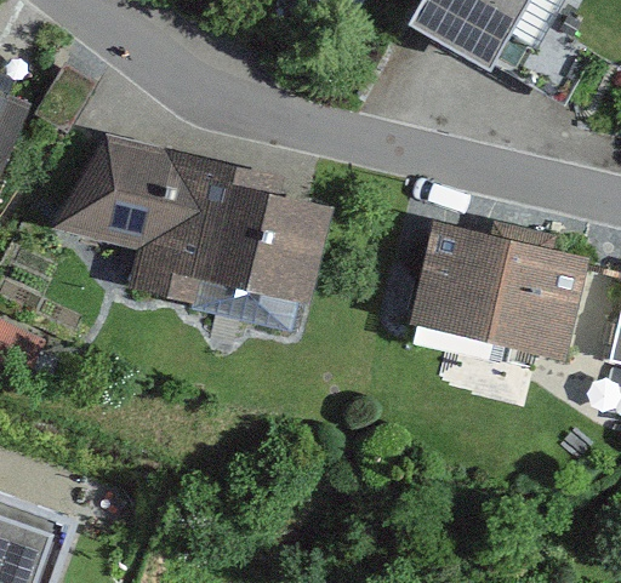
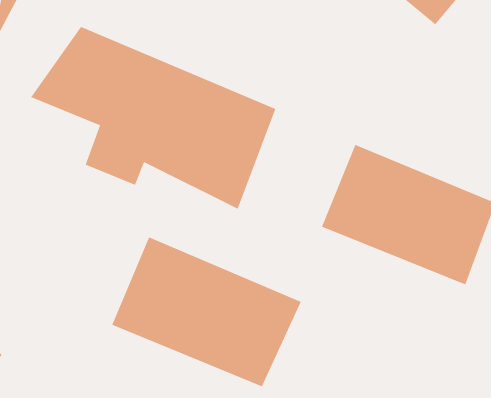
building: none -> [112,237,301,387]

